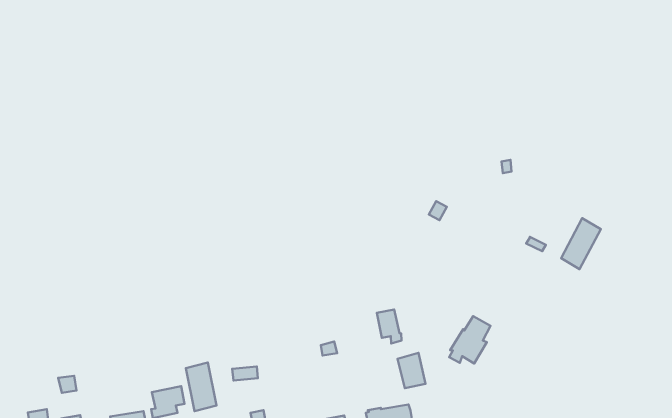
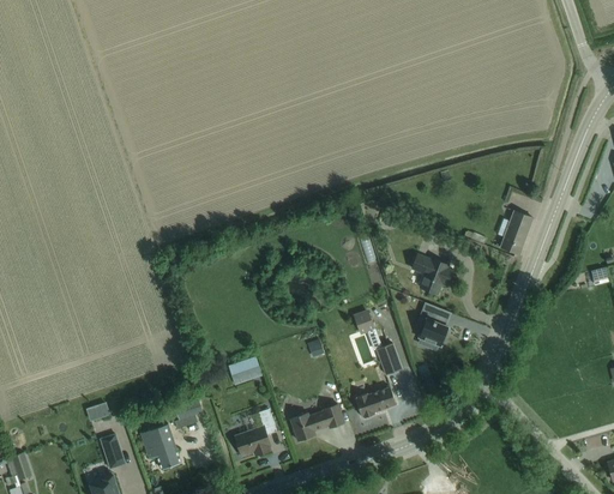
building: none -> [410,253,452,295]
building: [186,363,216,411] -> none

